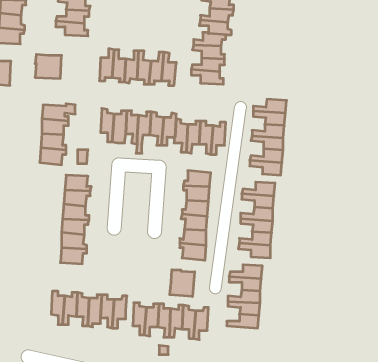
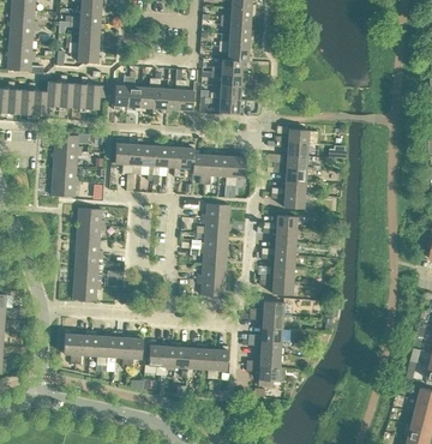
building: none -> [73,83,101,109]
building: none -> [20,89,48,115]
building: [170,270,195,297] -> none
building: none -> [246,365,286,386]

